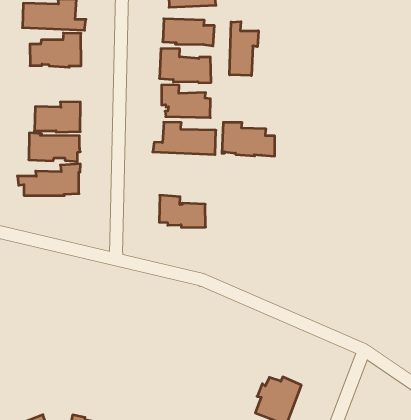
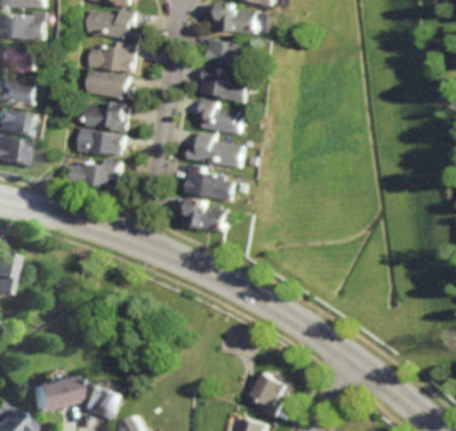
building: [230,22,258,76] -> none
building: none -> [83,70,132,100]
building: [222,122,275,156] -> [183,165,232,201]

